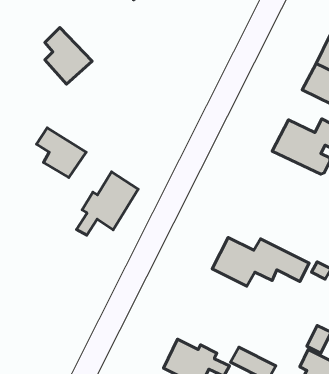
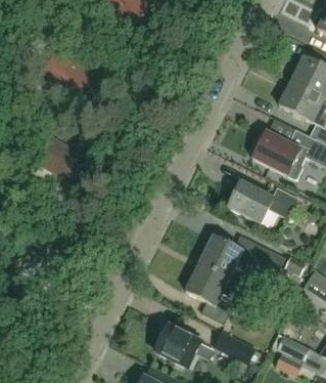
building: [76,172,138,235] -> none
building: none -> [227,180,296,222]
building: none -> [184,262,236,324]

